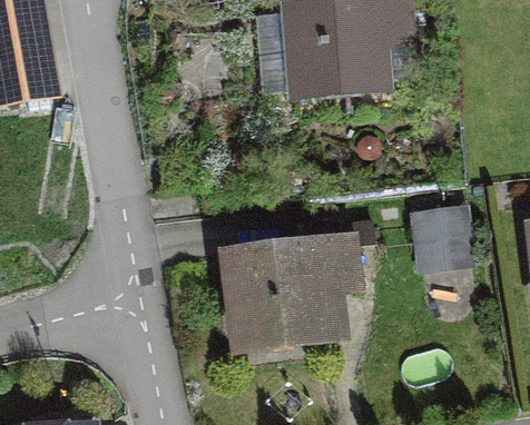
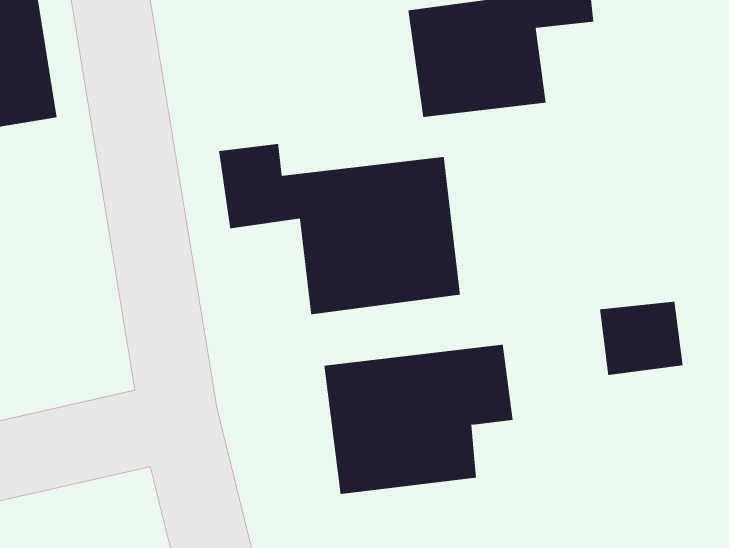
building: none -> [218,143,460,315]

